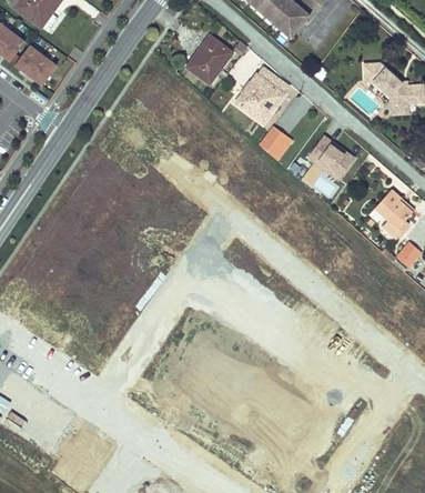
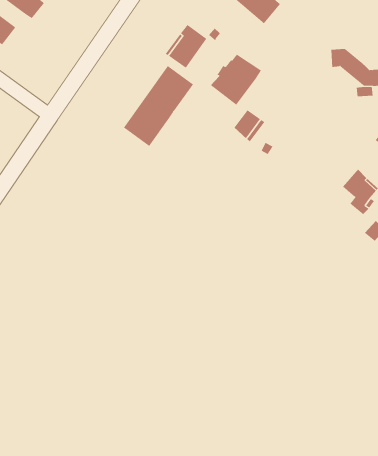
building: [22,46,62,82] -> none
building: none -> [123,65,194,147]
building: [306,135,355,180] -> none

